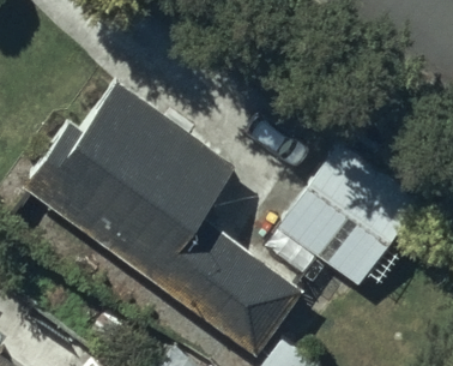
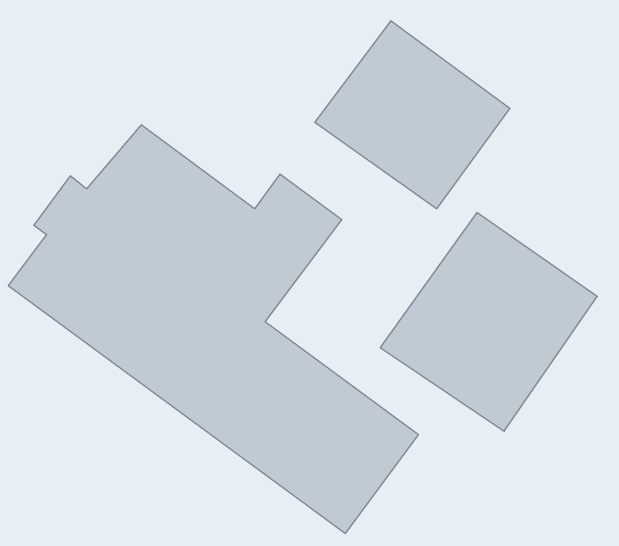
building: none -> [315,21,510,209]

